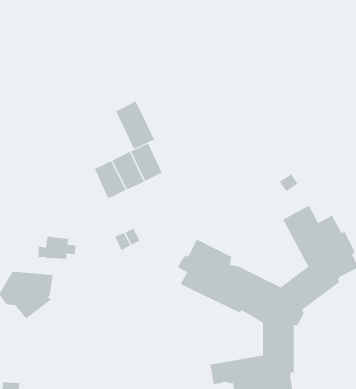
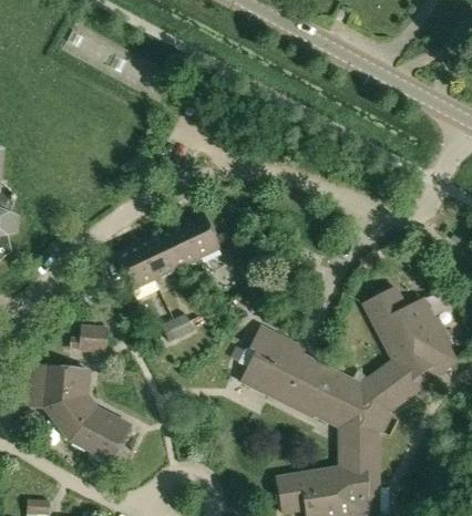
building: [115,100,155,150] -> none
building: none -> [115,242,154,289]
building: none -> [55,400,130,461]

